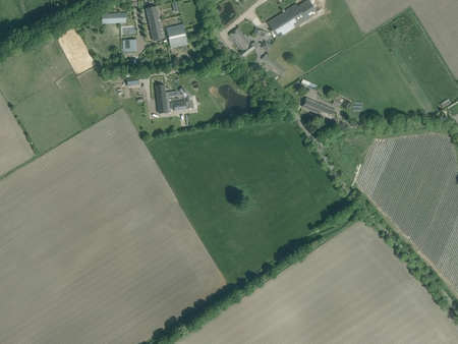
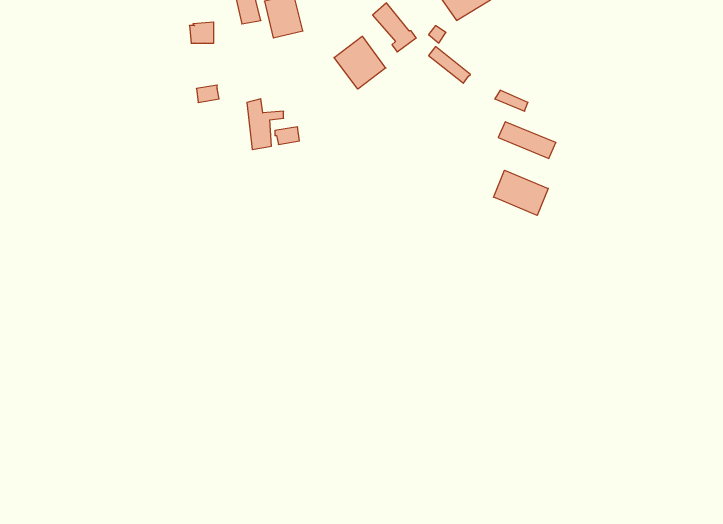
building: none -> [334,36,386,89]
building: none -> [494,170,548,215]

